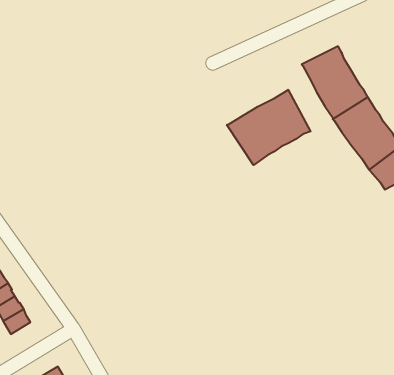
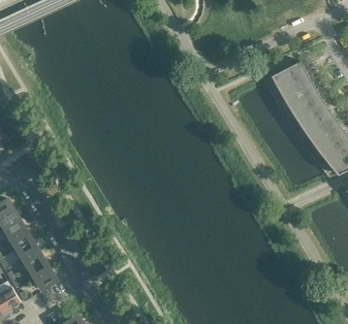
building: [227,90,311,165] -> none

